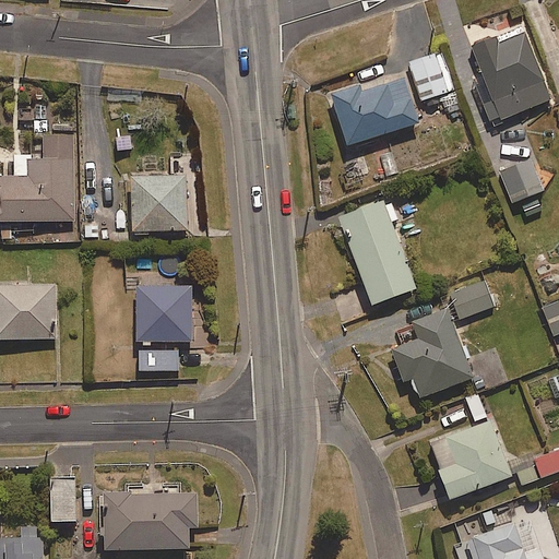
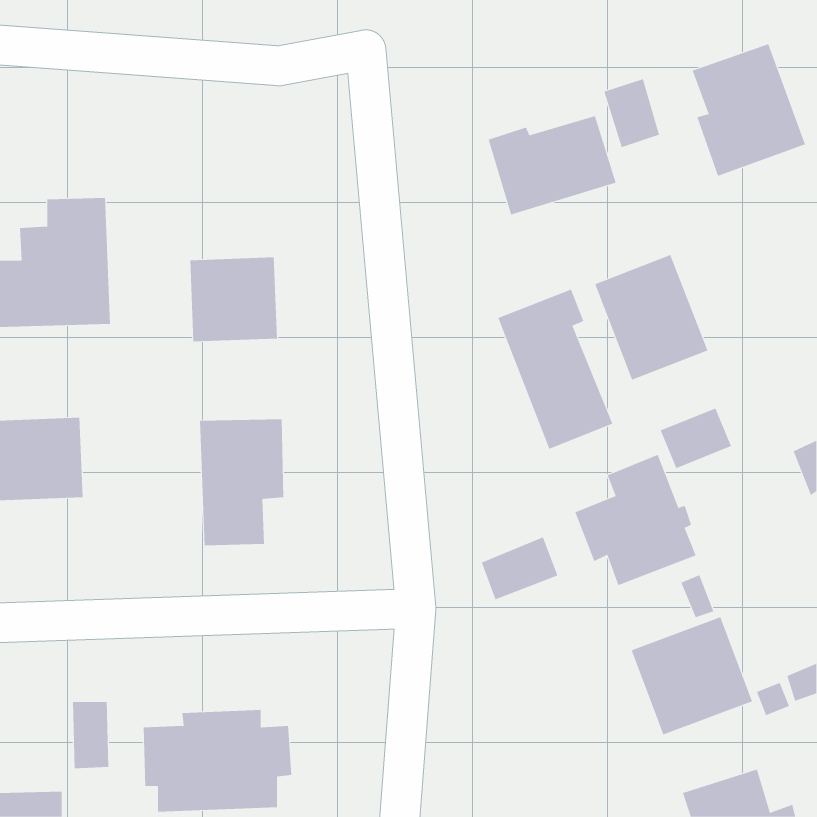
building: [499,160,545,204] -> none
building: none -> [594,254,708,380]
building: none -> [481,536,558,600]

